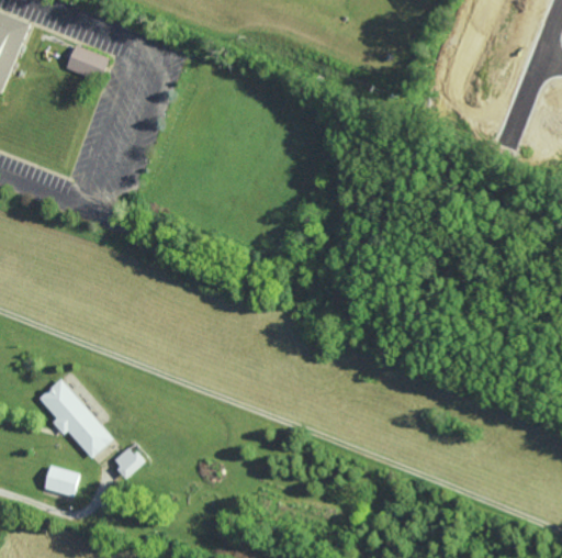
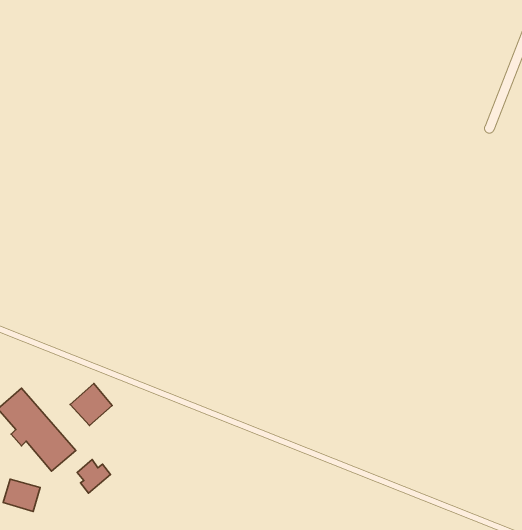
building: [65,45,108,81] -> none
building: none -> [70,384,112,426]

